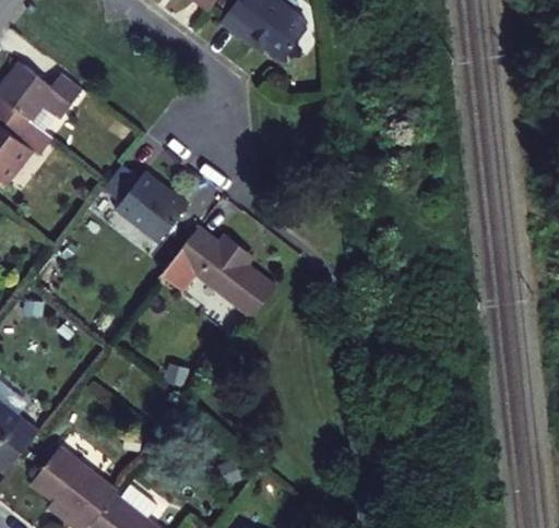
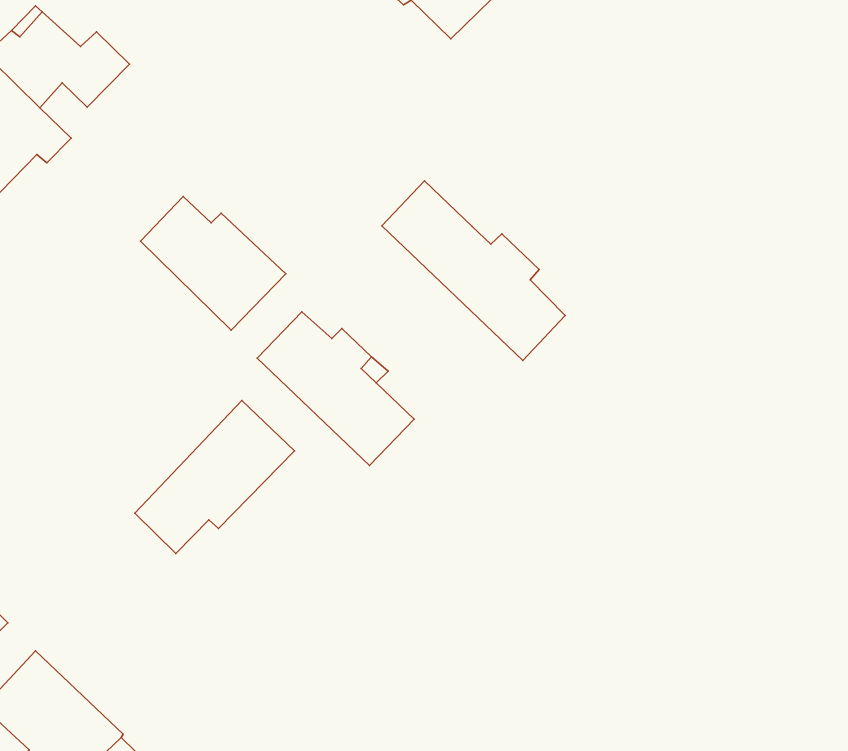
building: none -> [382,181,565,361]
building: none -> [135,400,295,553]

